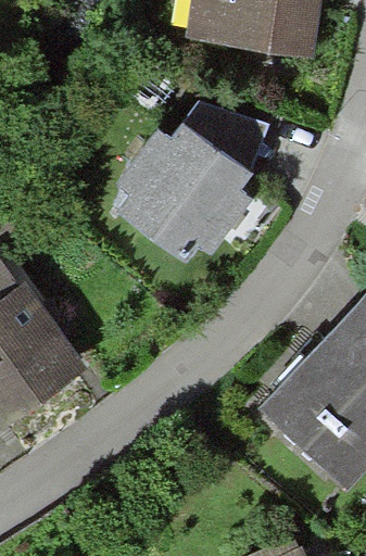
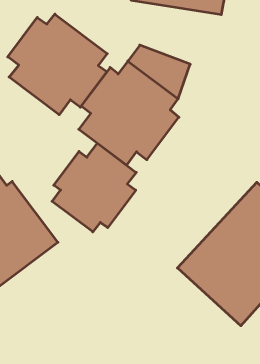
building: none -> [8,14,107,115]
building: none -> [52,143,136,232]

